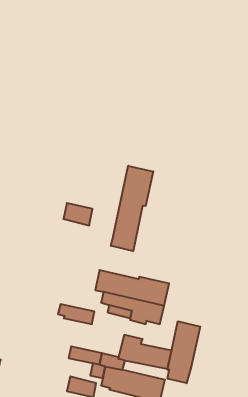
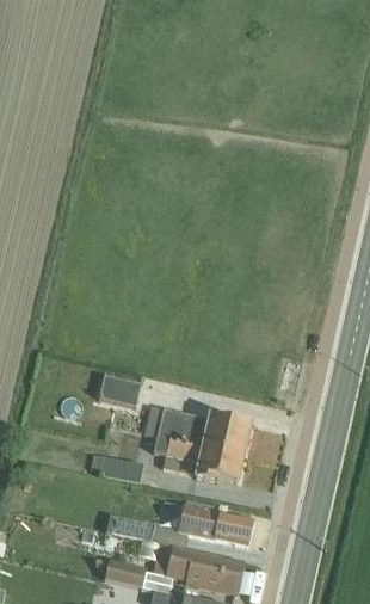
building: [111,166,153,251] -> none
building: [63,203,93,225] -> [99,375,141,407]
building: [167,321,200,383] -> none

